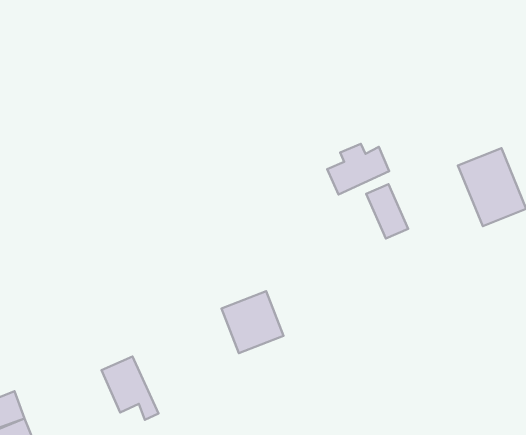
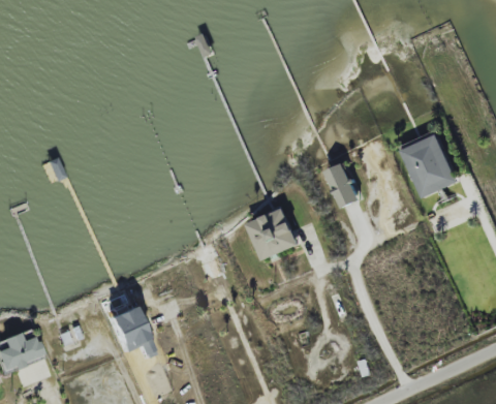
building: [327,144,389,194] -> none
building: [222,291,284,353] -> [246,208,298,259]

